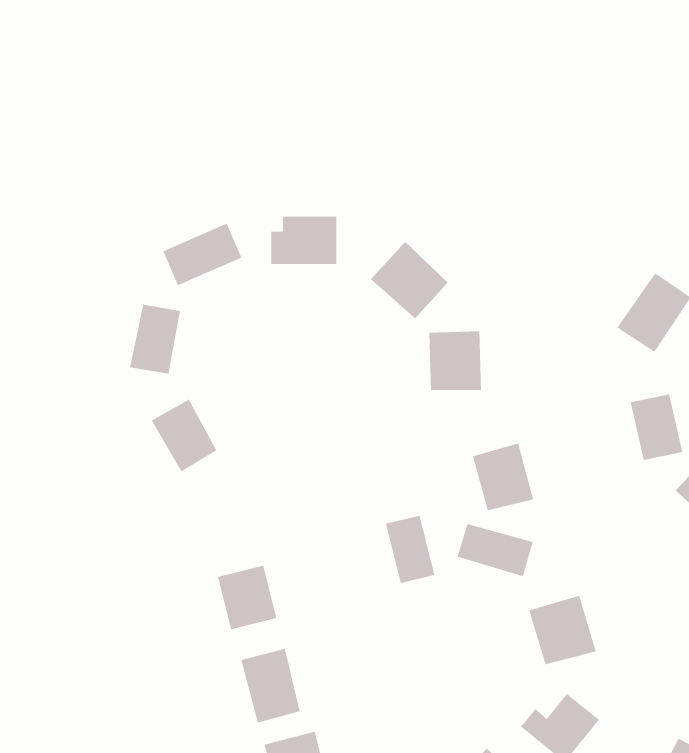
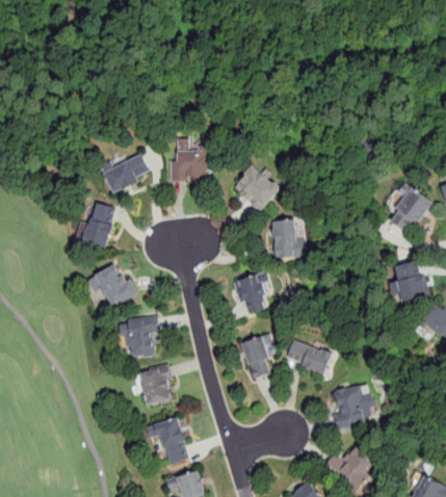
building: [472,443,534,511] -> [234,271,272,314]
building: none -> [116,315,158,357]

